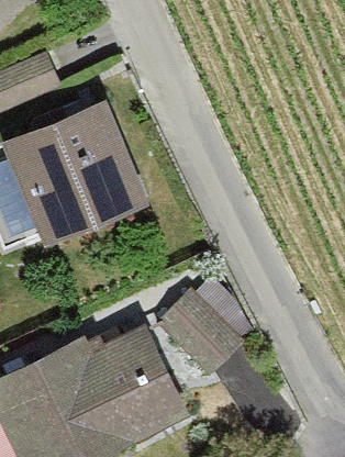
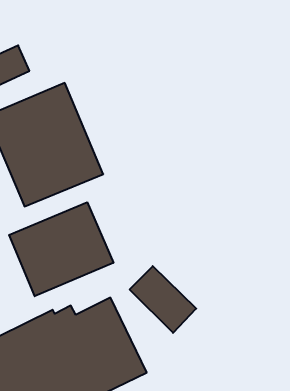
building: none -> [9,202,113,296]

